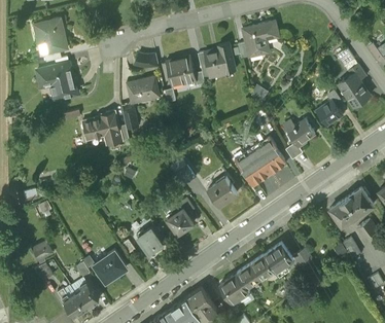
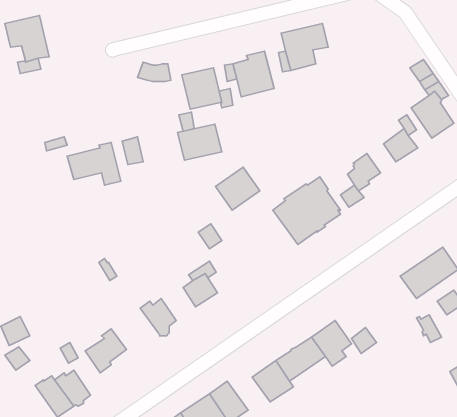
building: [38,63,77,97] -> none
building: [126,77,159,104] -> [178,124,222,160]
building: [207,179,240,211] -> [216,167,260,210]

